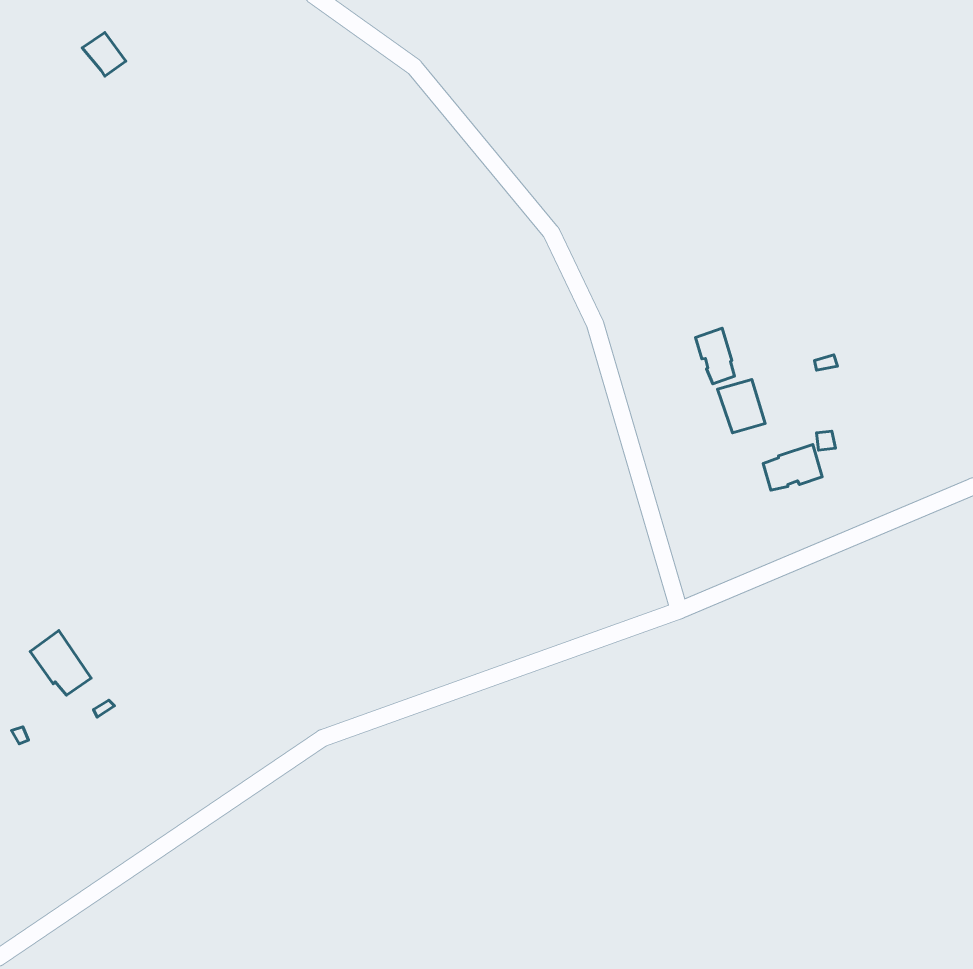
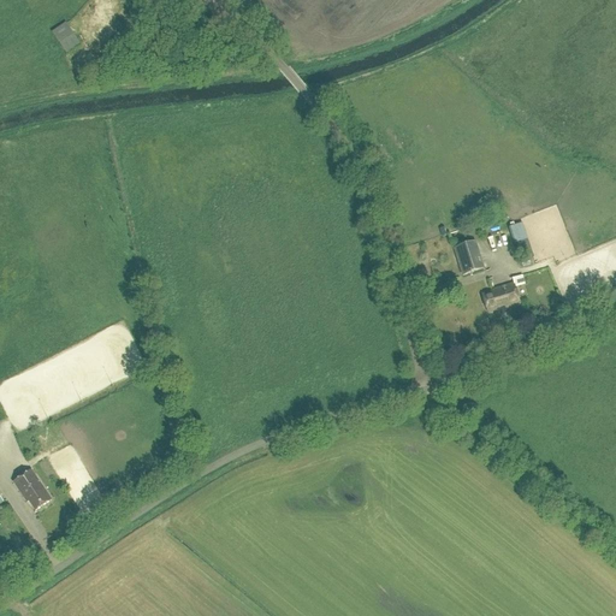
building: [695,328,735,384] -> none
building: [30,630,91,695] -> [12,467,51,508]

